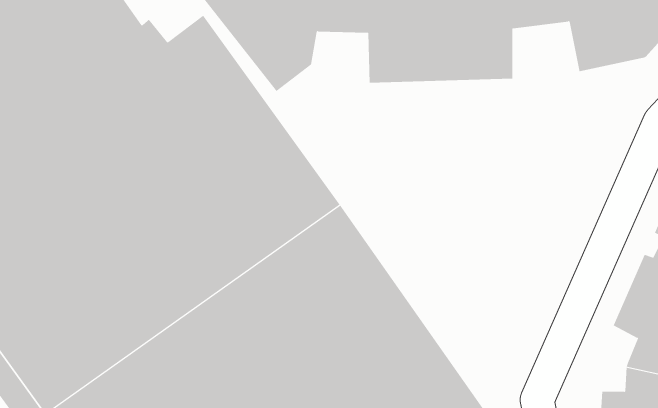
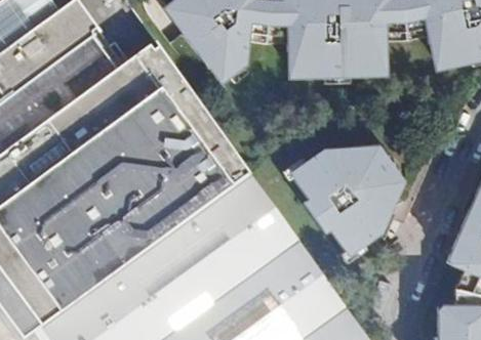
building: none -> [285,139,403,252]

